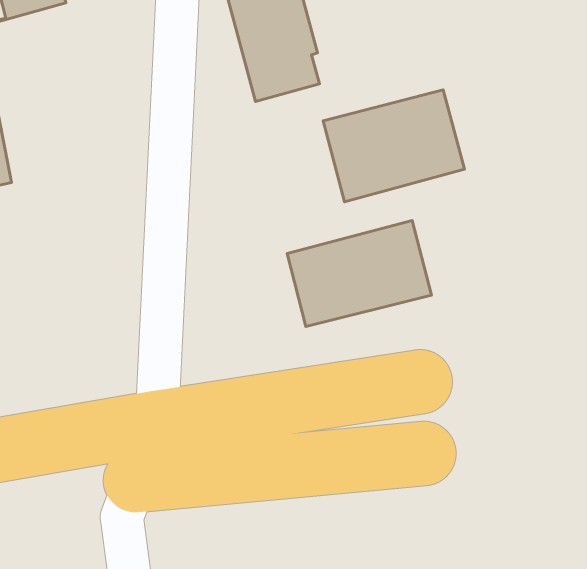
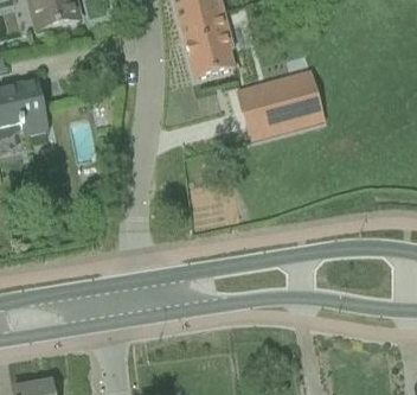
building: [287,220,432,327] -> none

